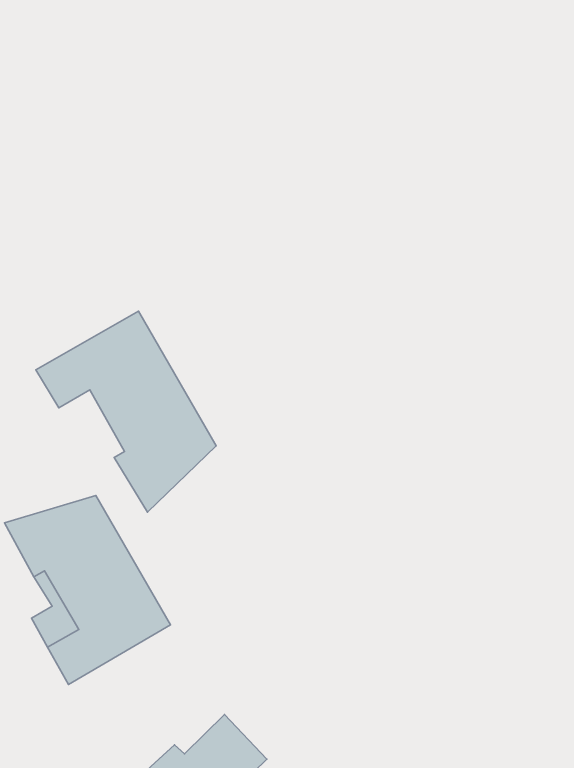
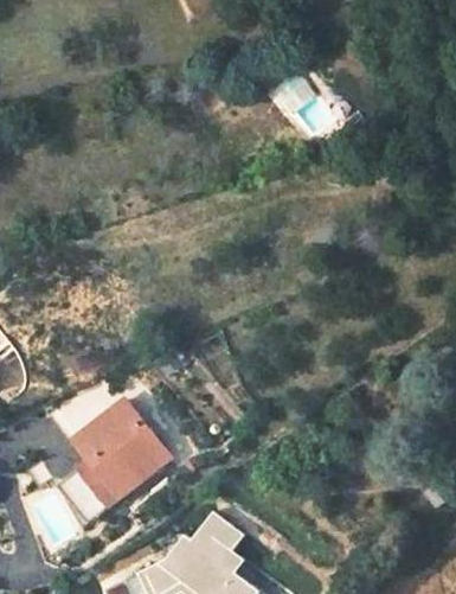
building: [36,311,216,512] -> none

